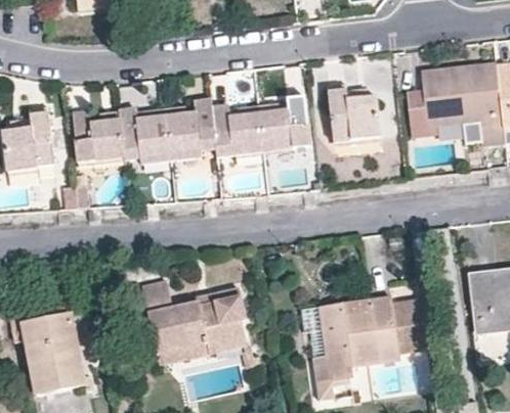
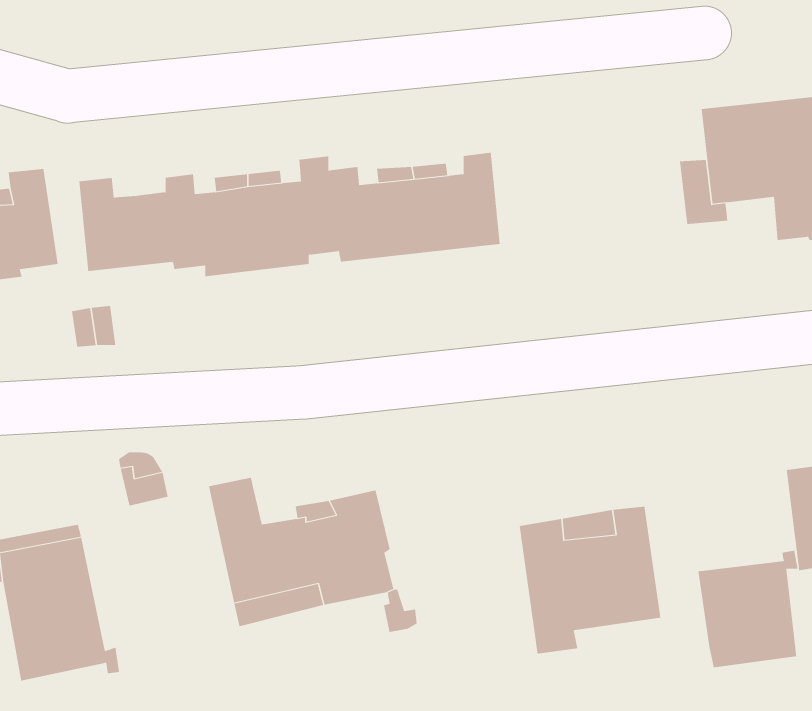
building: [327,86,379,142] -> none
building: none -> [698,550,798,668]

